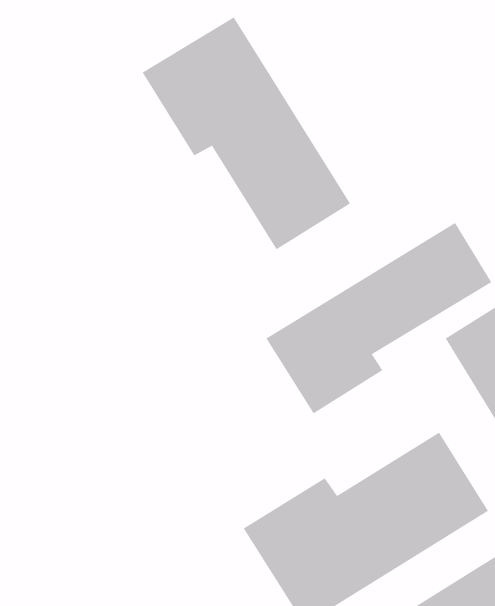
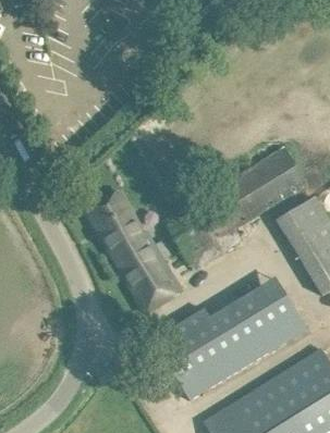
building: [142,17,351,250] -> none
building: none -> [86,190,183,313]

